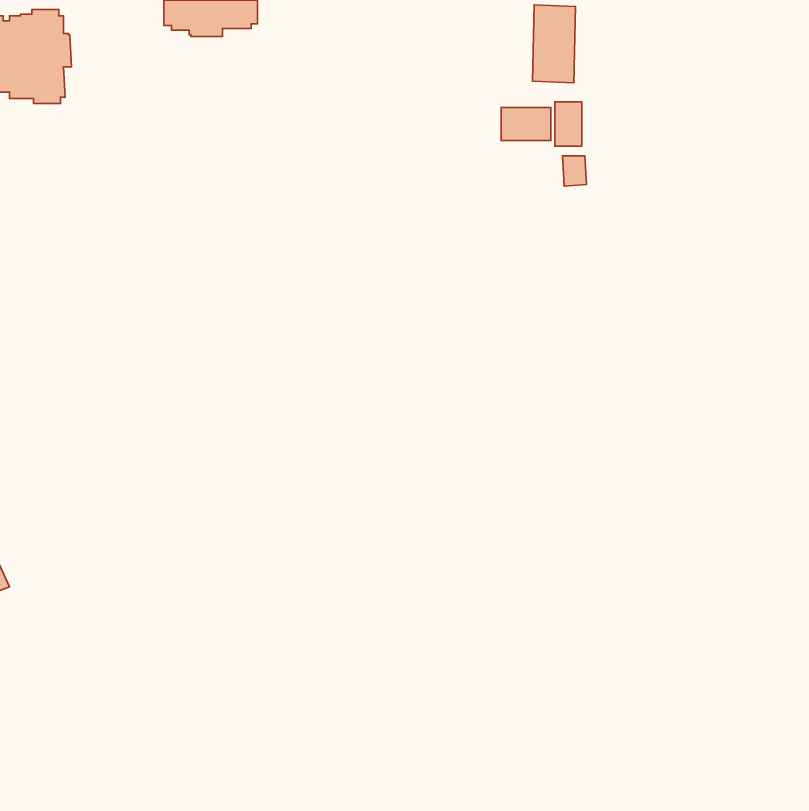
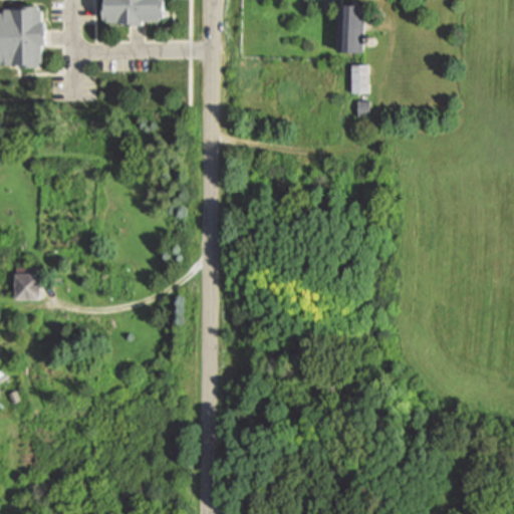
building: [501,108,551,140] -> none
building: none -> [13,272,40,299]

